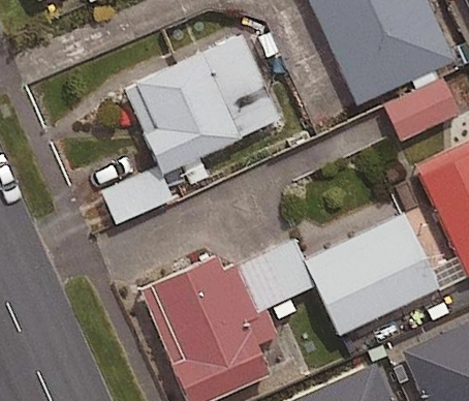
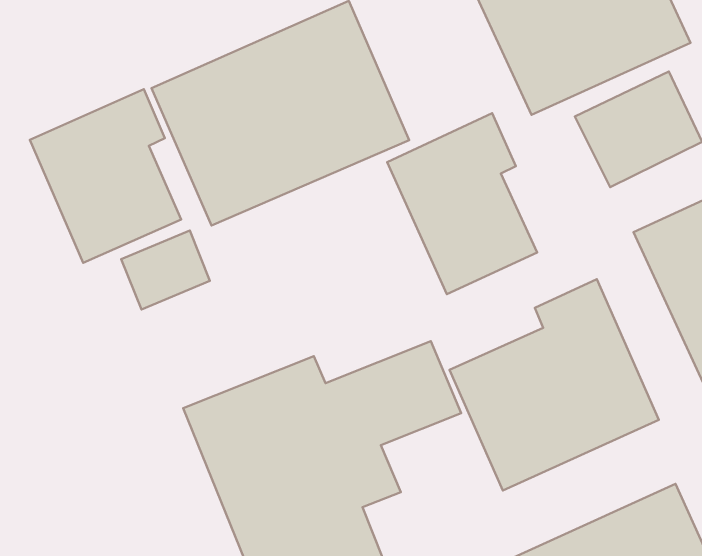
building: none -> [30,89,181,263]
building: none -> [387,113,537,294]

